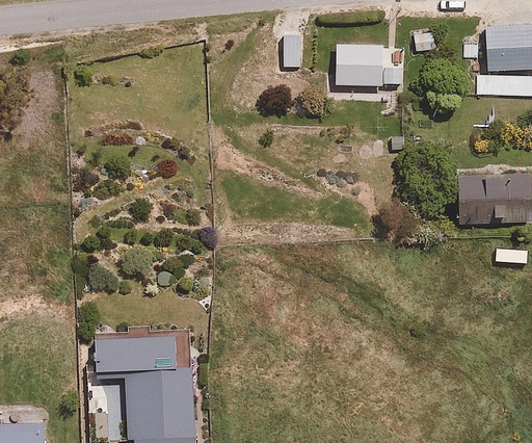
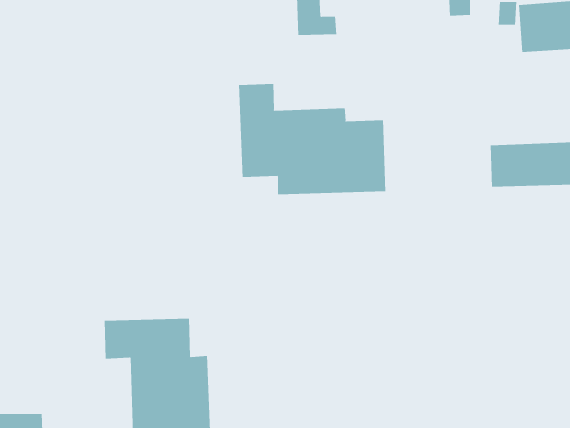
building: [335,48,398,90] -> none
building: none -> [238,83,386,195]

